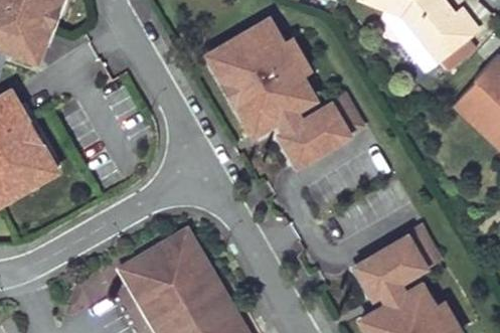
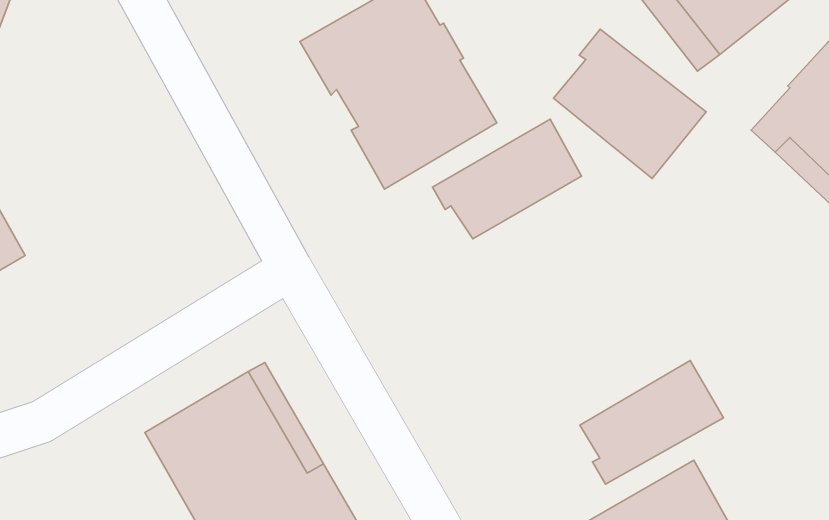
building: none -> [554,29,706,178]

